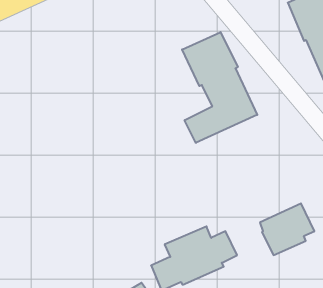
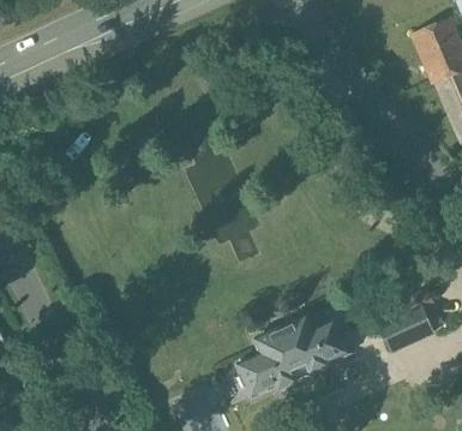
building: [182,32,257,143] -> none

